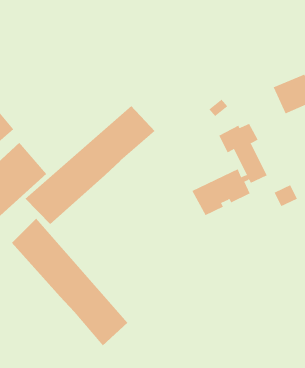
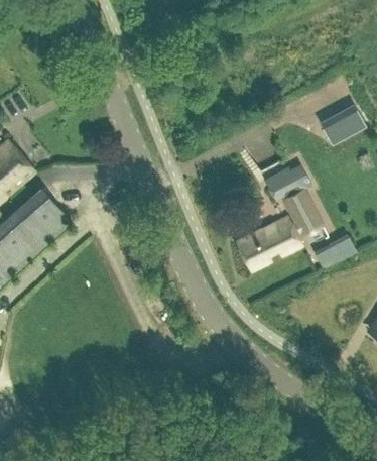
building: [24,105,155,225] -> none
building: [11,218,128,346] -> none

